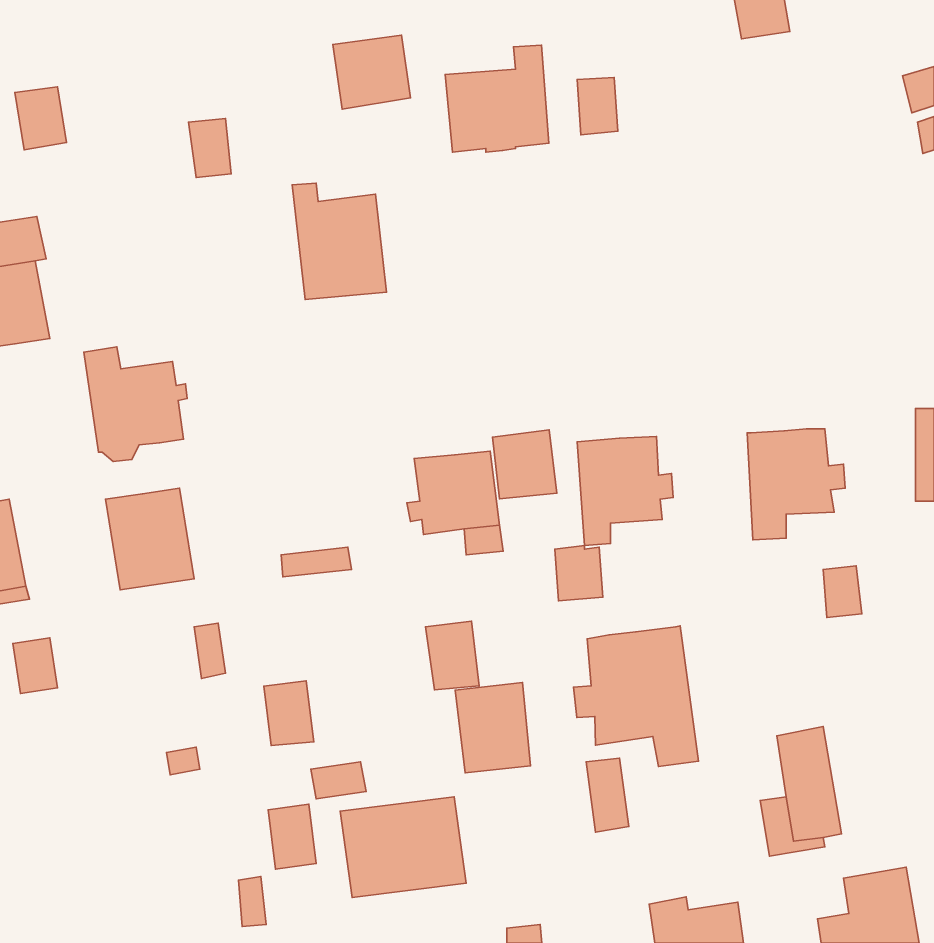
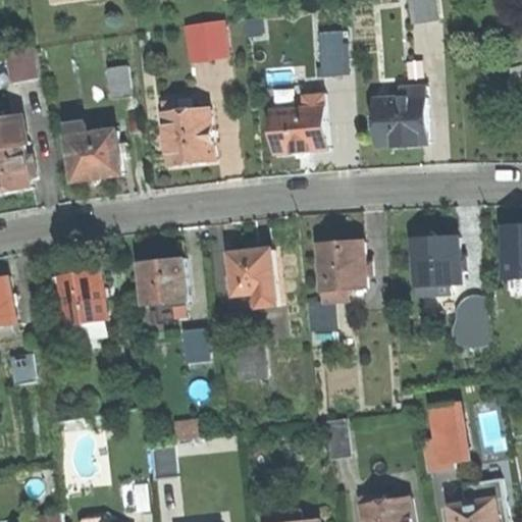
building: [445,45,549,152] -> [269,94,326,153]
building: none -> [373,87,426,146]
building: [84,347,187,461] -> [65,121,122,185]
building: [492,430,557,499] -> none
building: none -> [140,258,188,304]
building: [573,626,698,767] -> none
building: [264,681,314,745] -> [180,327,208,363]
building: [455,683,531,773] -> none
building: [340,797,466,898] -> none

